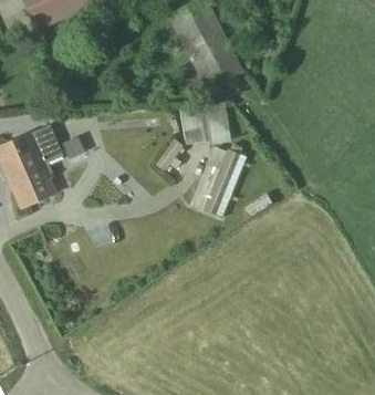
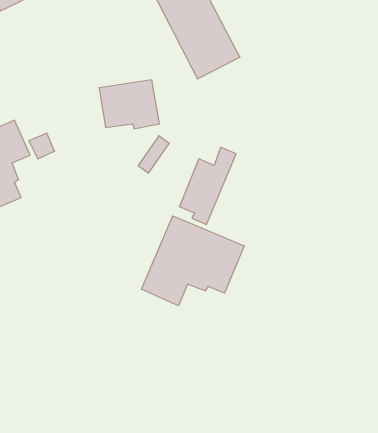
building: [179,103,231,145] -> [99,80,160,129]
building: none -> [141,216,244,306]

